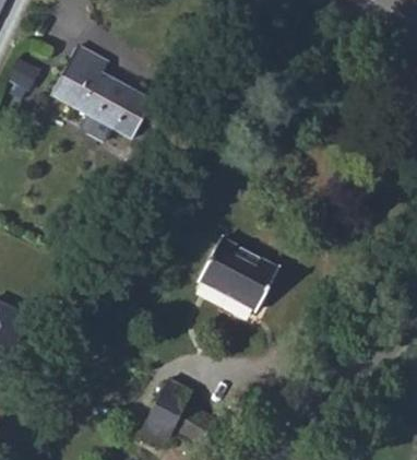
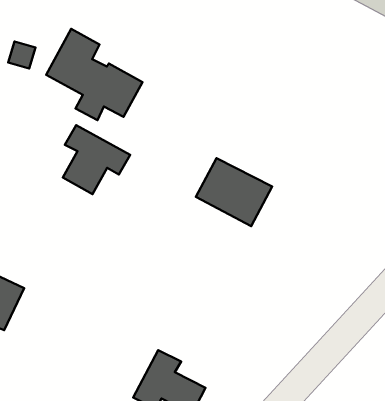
building: none -> [63,125,130,194]
building: [198,239,277,310] -> [196,158,272,226]

